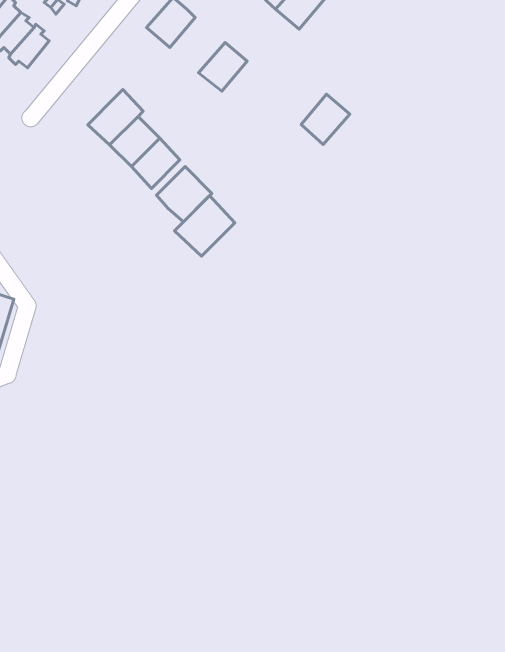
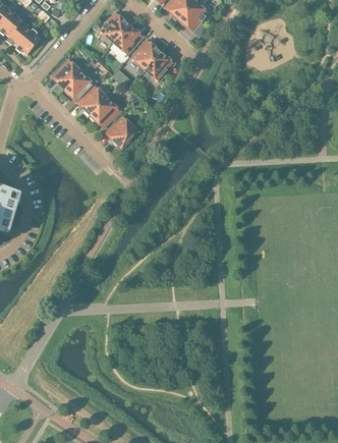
building: none -> [113,23,143,54]
building: none -> [51,58,80,89]
building: [301,94,350,144] -> [145,50,174,80]
building: [174,196,235,256] -> none

